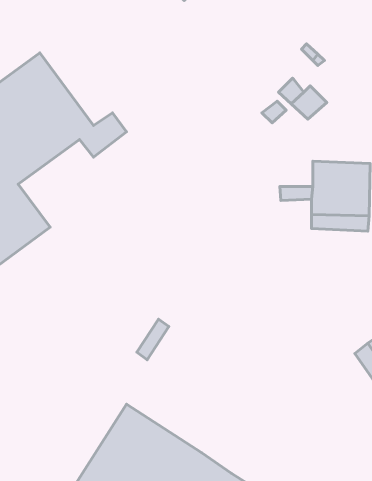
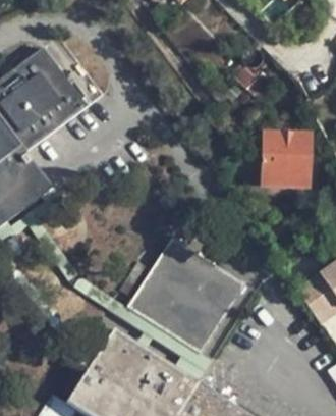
building: none -> [128,237,246,354]

